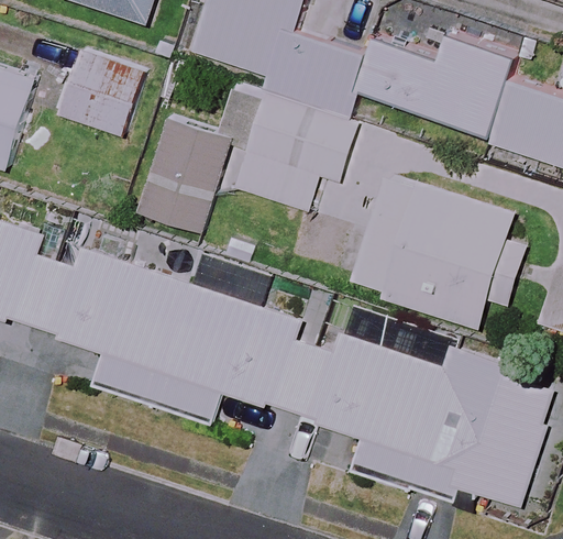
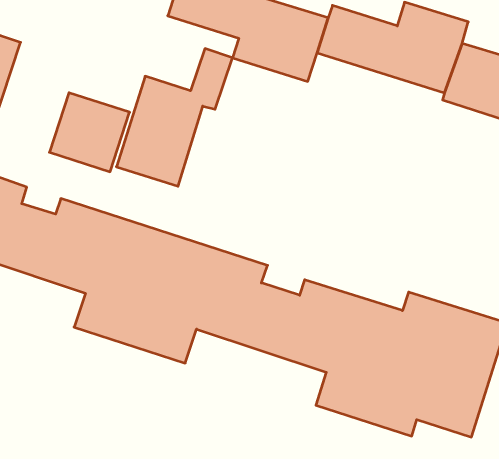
building: [56,51,142,135] -> [49,93,130,172]
building: [239,96,351,211] -> none
building: [353,173,534,338] -> none

